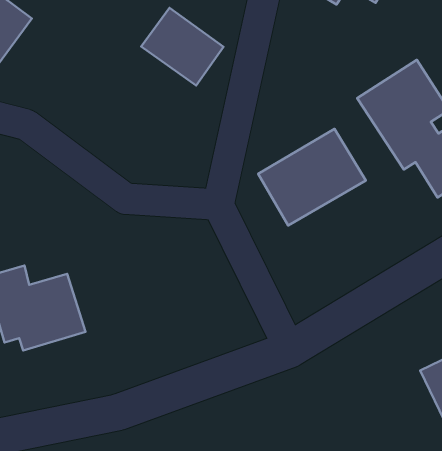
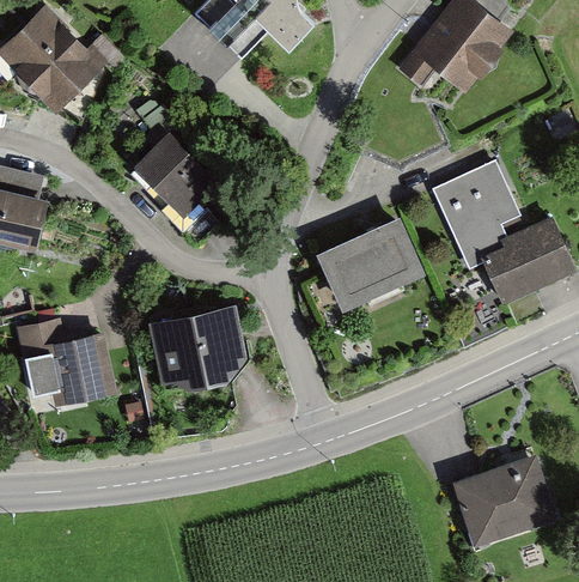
building: [141,8,224,85] -> [133,134,218,218]
building: none -> [154,308,244,390]

